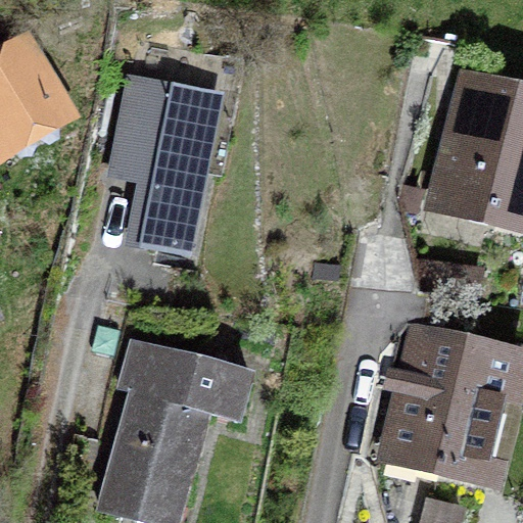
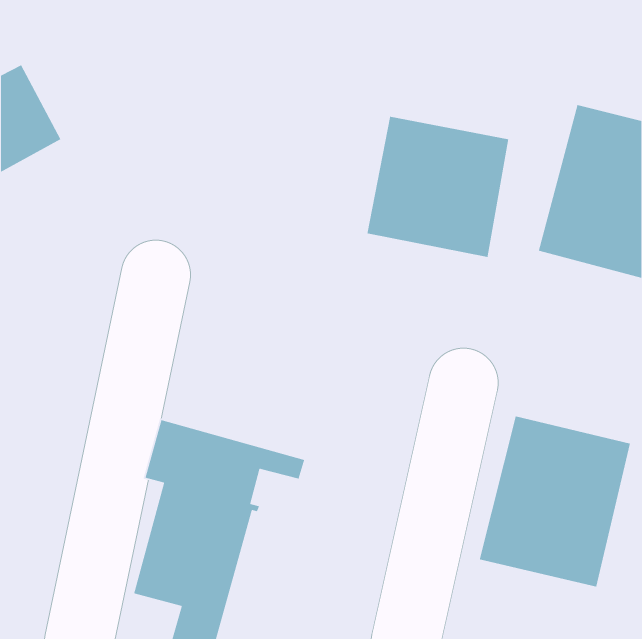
building: [125,49,224,253] -> none
building: none -> [367,116,509,258]

